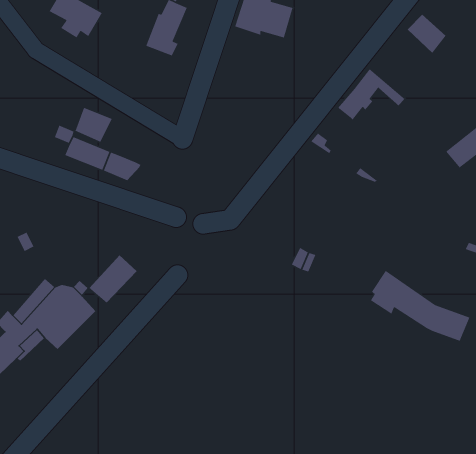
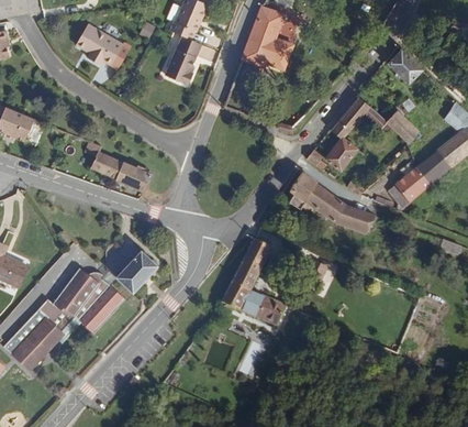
building: none -> [386,108,420,141]
building: [74,107,113,143] -> none
building: none -> [322,136,354,171]
building: none -> [388,165,432,206]
building: none -> [216,238,279,327]
building: [370,270,470,342] -> [285,176,370,238]

